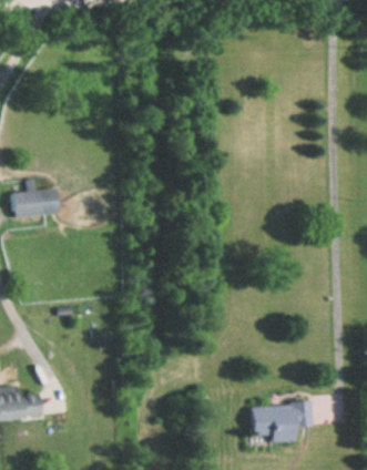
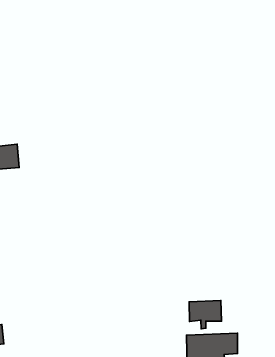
building: none -> [189,301,222,329]

